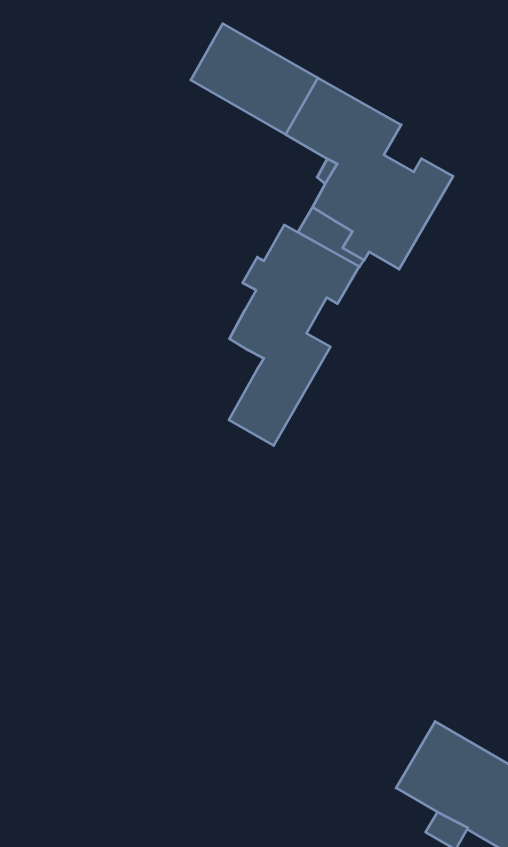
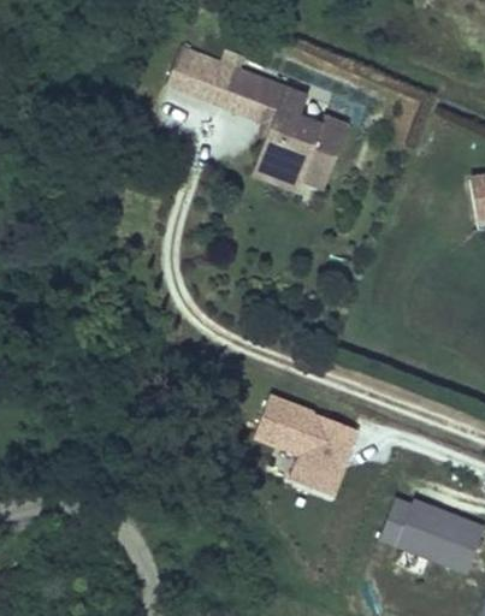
building: [229,225,359,446] -> none
building: none -> [250,389,360,493]

